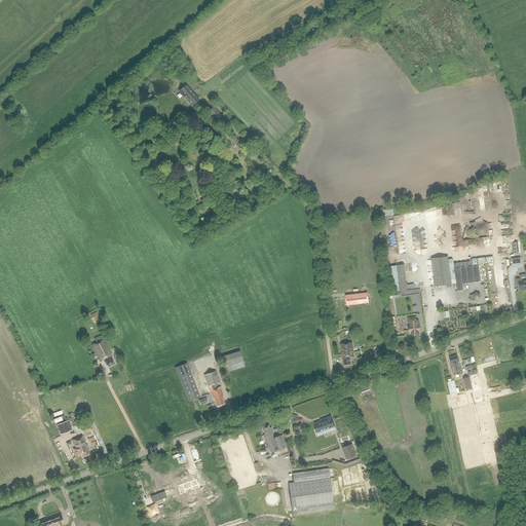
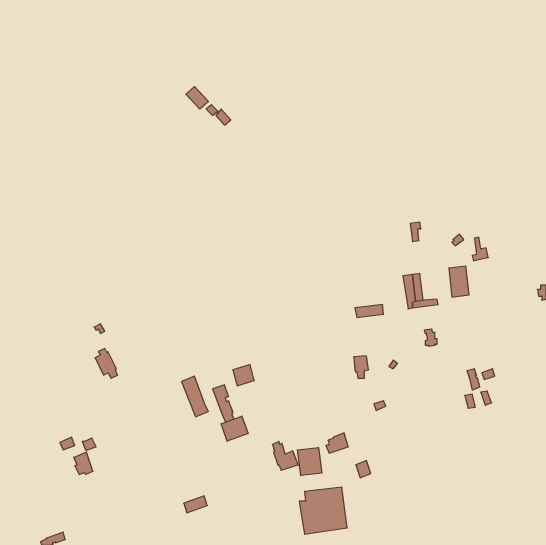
building: [451,260,481,290] -> none
building: none -> [221,416,248,441]
building: none -> [297,447,322,476]

